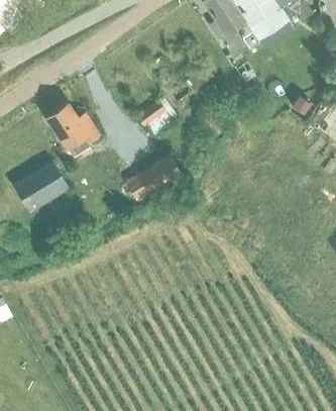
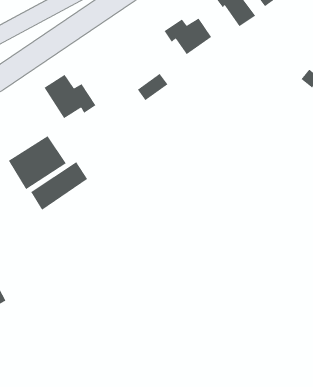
building: none -> [164,17,212,55]
building: [126,156,182,203] -> [30,161,88,211]

